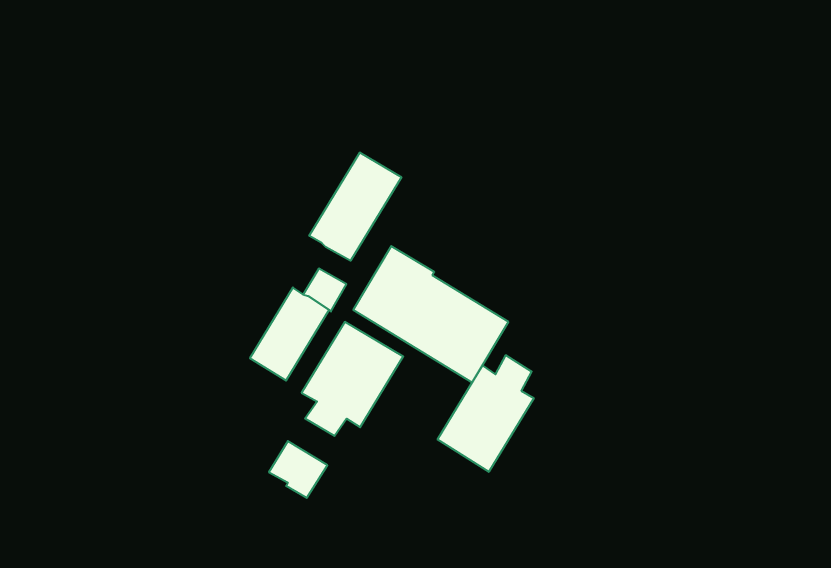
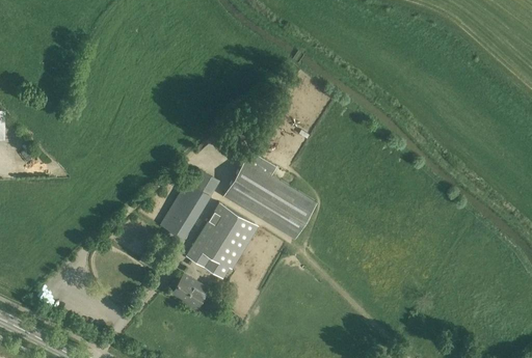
building: [309,152,401,261] -> none
building: [438,355,534,472] -> none

